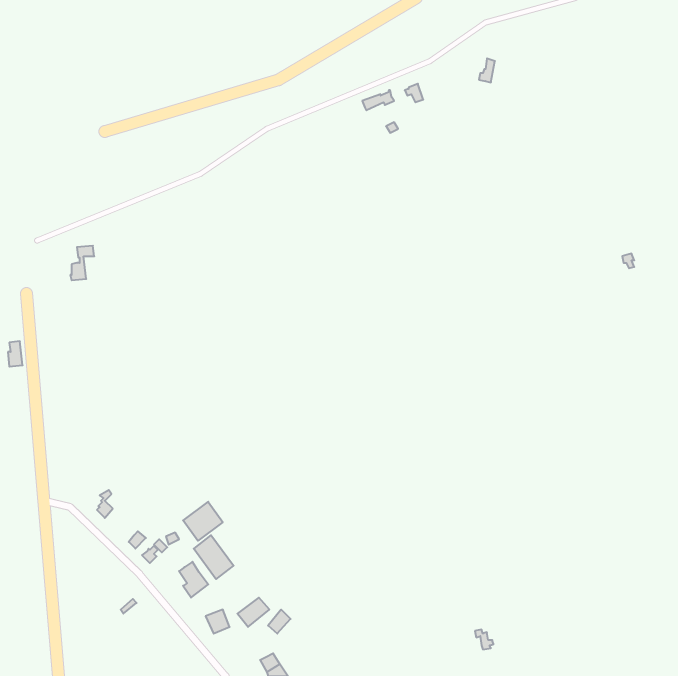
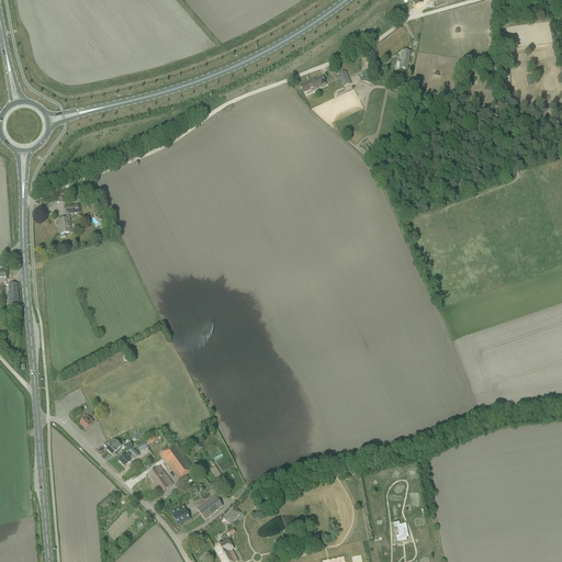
building: [183,502,223,541] -> none

